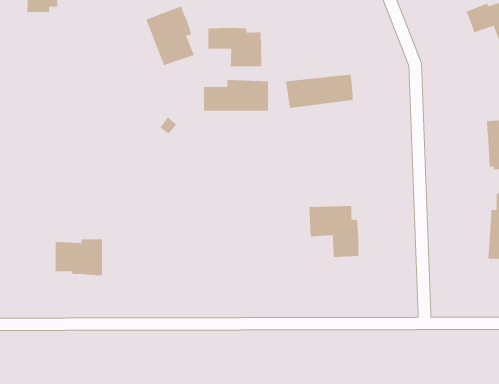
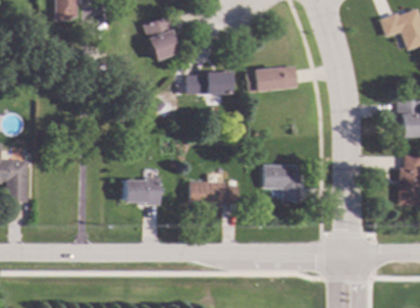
building: [208,27,262,67] -> none
building: none -> [189,182,238,204]
building: [55,239,103,276] -> [124,177,160,205]

